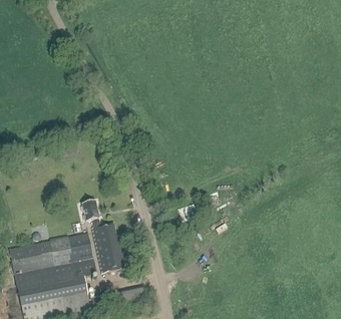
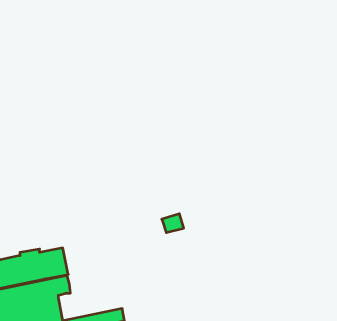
building: [81,200,132,272] -> none

